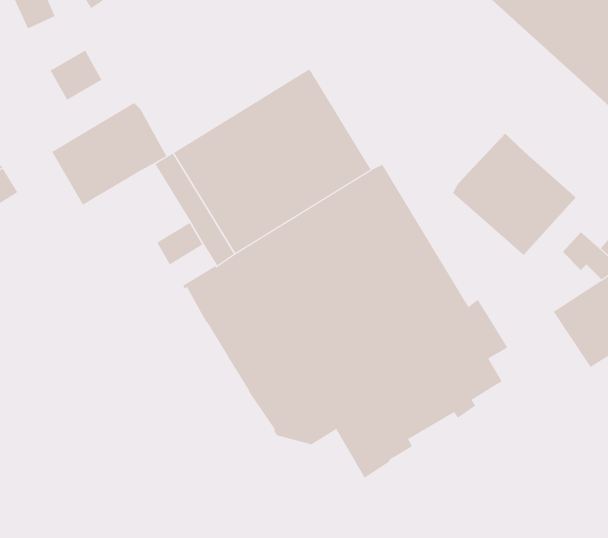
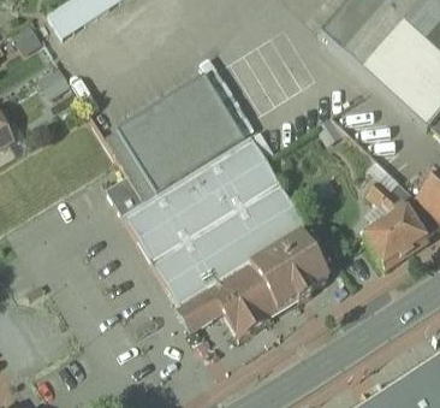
building: [52,102,167,205] -> none
building: [452,133,576,256] -> none

